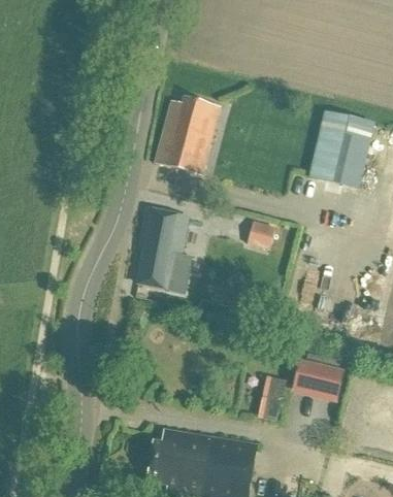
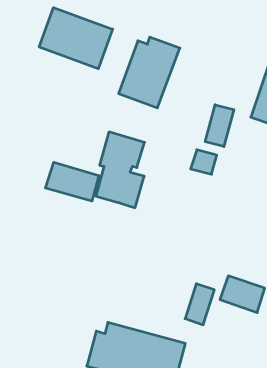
building: none -> [39,8,113,69]
building: none -> [205,105,234,147]
building: none -> [45,162,99,201]

